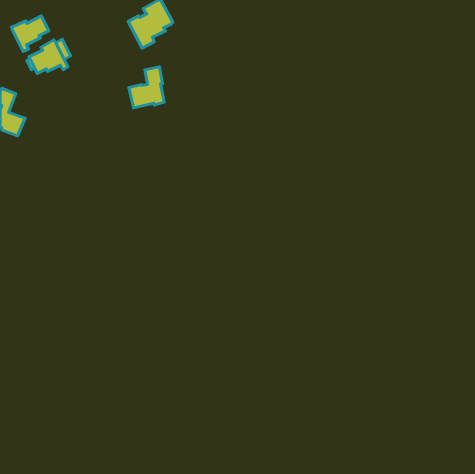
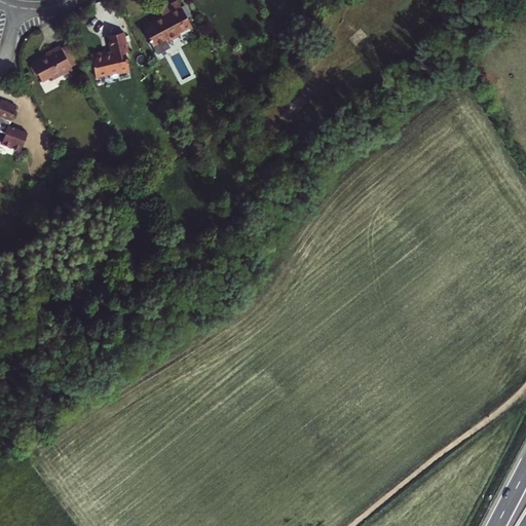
building: [11,16,49,51] -> none
building: [129,67,164,108] -> [89,33,128,78]

